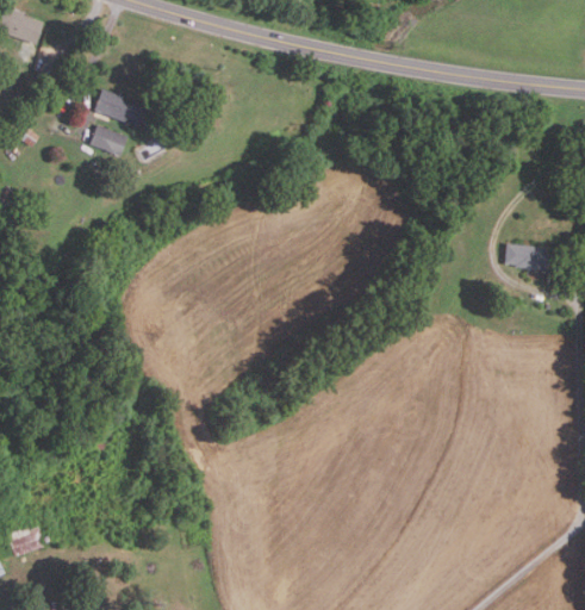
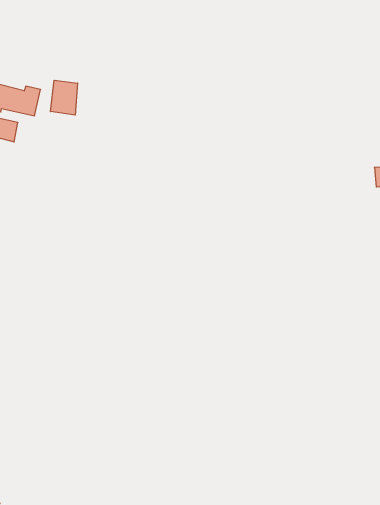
building: none -> [51,80,78,115]

